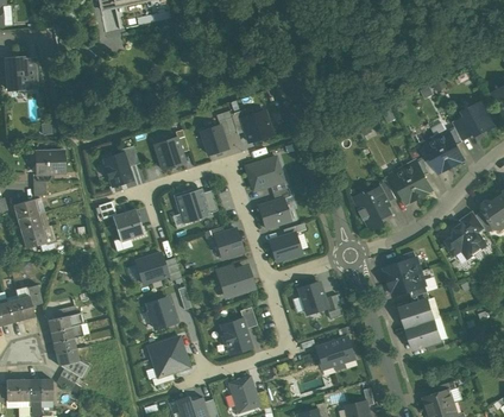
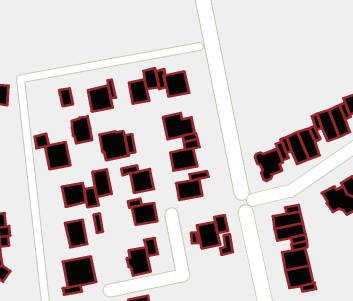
building: [105,152,131,185] -> [72,116,92,143]
building: none -> [93,169,112,197]
building: [316,336,355,368] -> none

